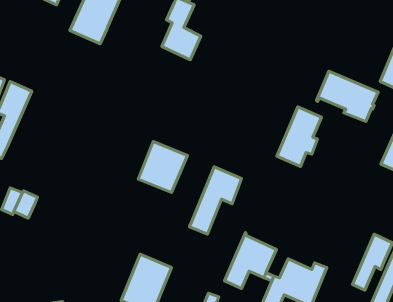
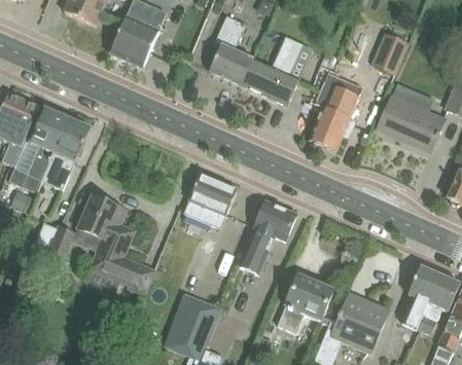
building: none -> [370,32,406,73]
building: none -> [240,35,301,104]
building: none -> [41,117,91,185]
building: [277,107,321,167] -> [310,84,358,149]
building: none -> [78,194,153,294]
building: none -> [402,264,439,327]

